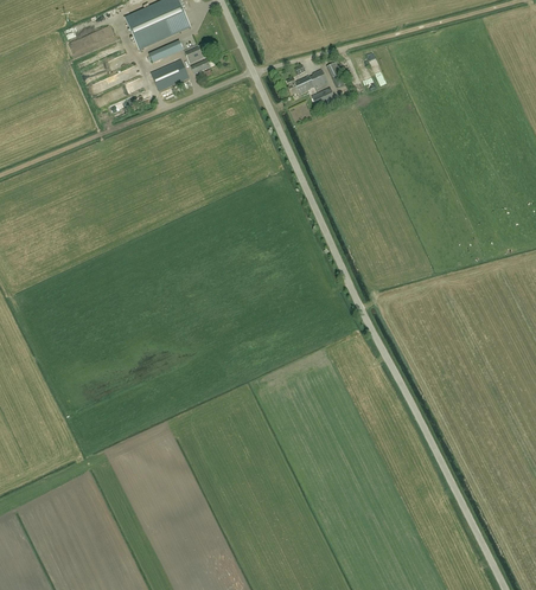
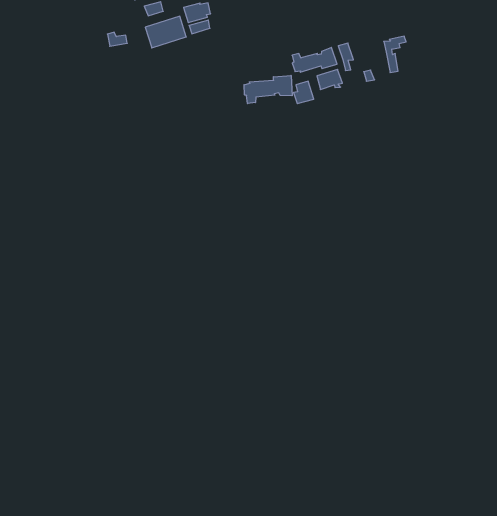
building: none -> [244,75,292,104]

